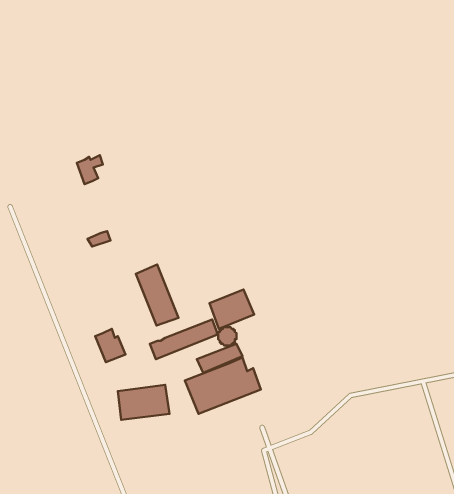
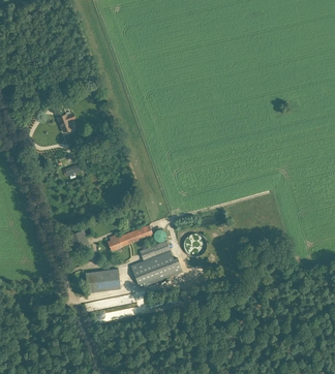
building: [136,265,178,325] -> none
building: [209,290,254,329] -> none

